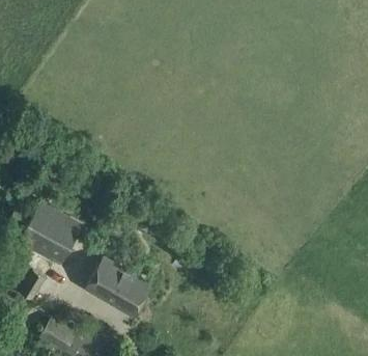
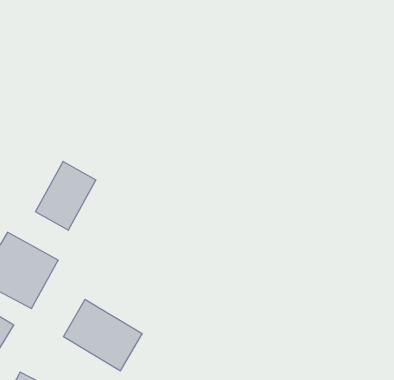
building: none -> [35,161,96,230]

